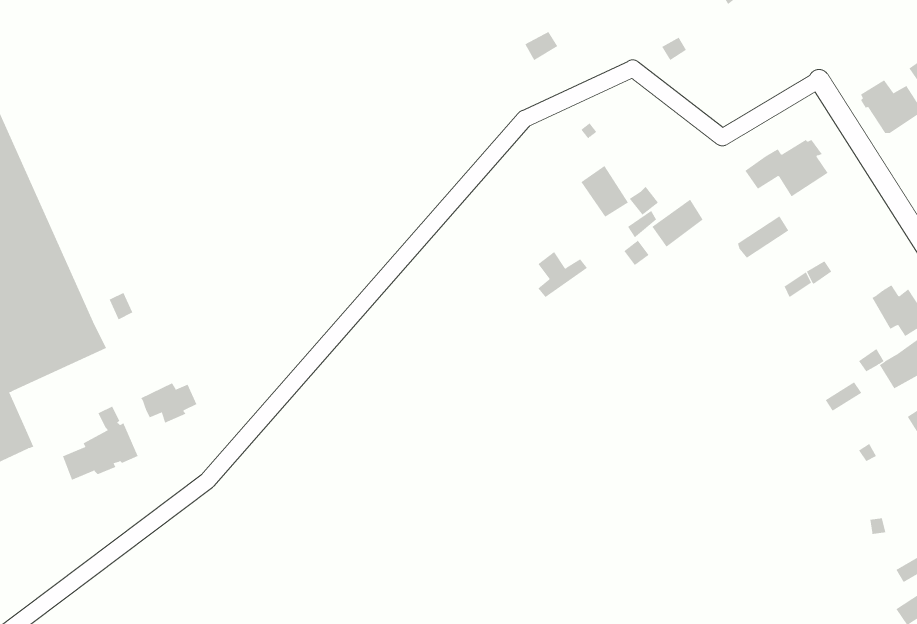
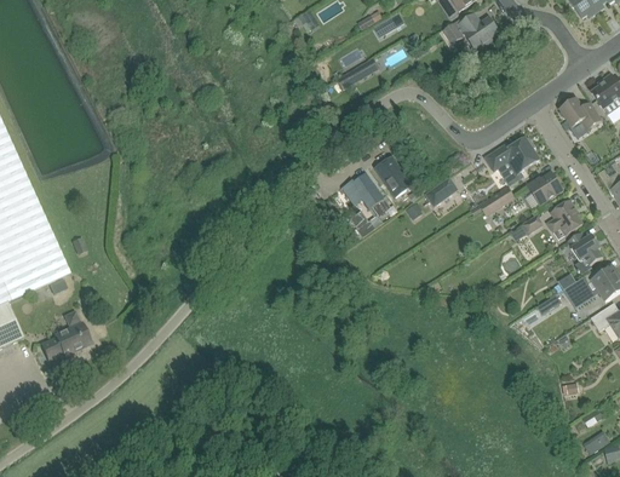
building: none -> [526,172,563,206]
building: none -> [351,176,385,213]
building: none -> [546,201,581,240]
building: [141,382,197,424] -> none

